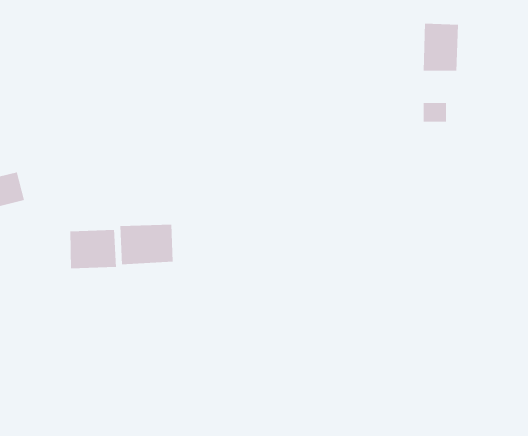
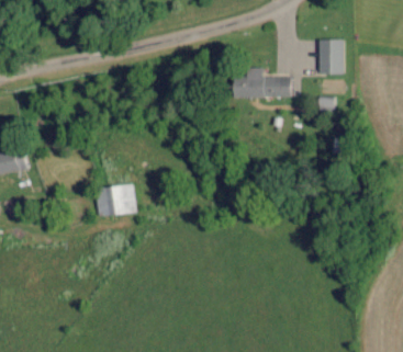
building: none -> [232,68,291,99]
building: [70,229,117,269] -> none

